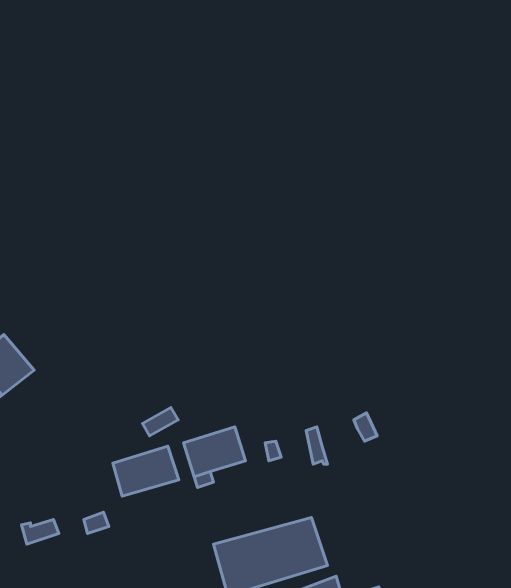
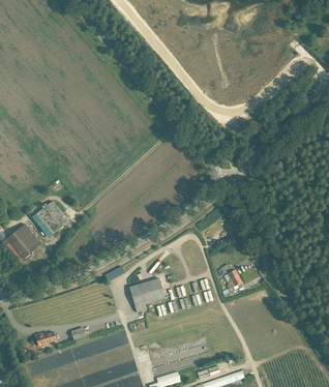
building: none -> [36,201,68,234]
building: [113,446,179,496] -> none

